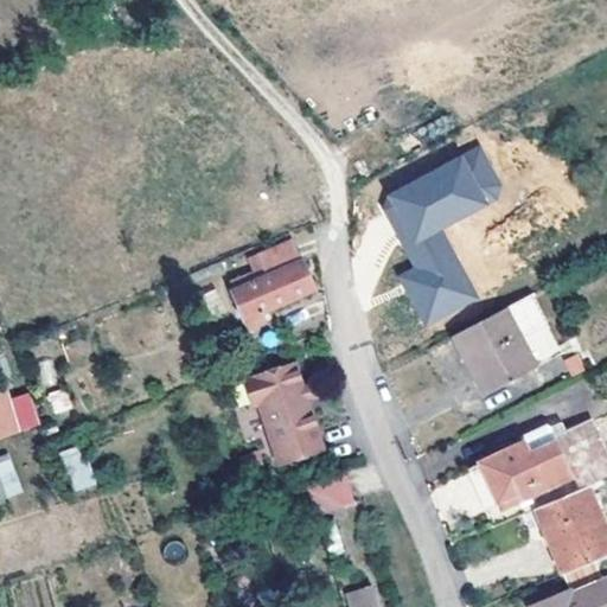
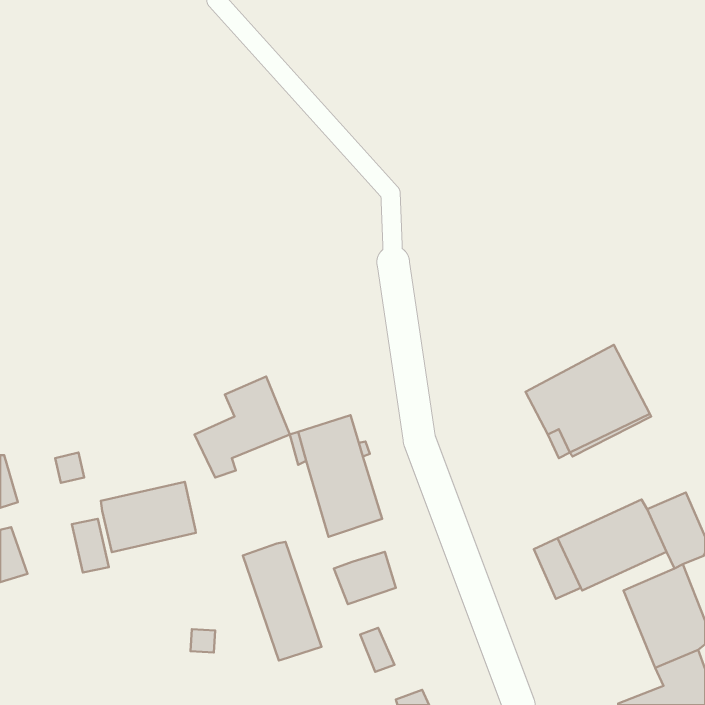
building: [385,143,499,332] -> none
building: [229,241,311,327] -> [195,377,290,477]
building: none -> [101,482,196,552]
building: none -> [243,542,321,661]

